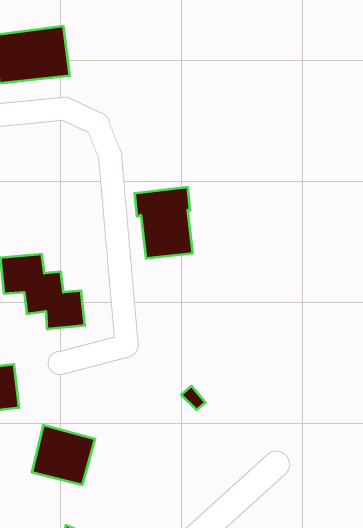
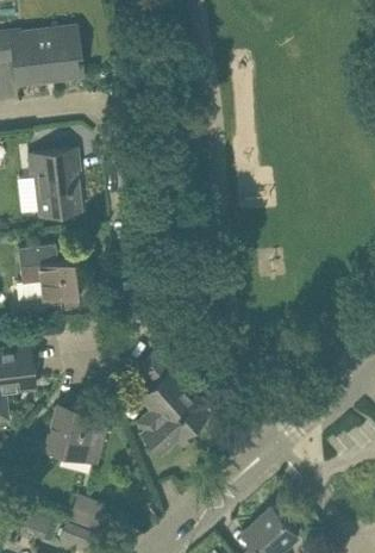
building: [134,187,193,258] -> [27,149,82,216]
building: none -> [142,372,208,454]

